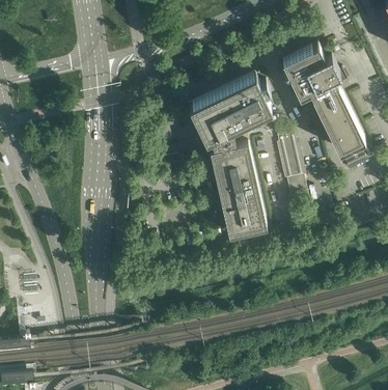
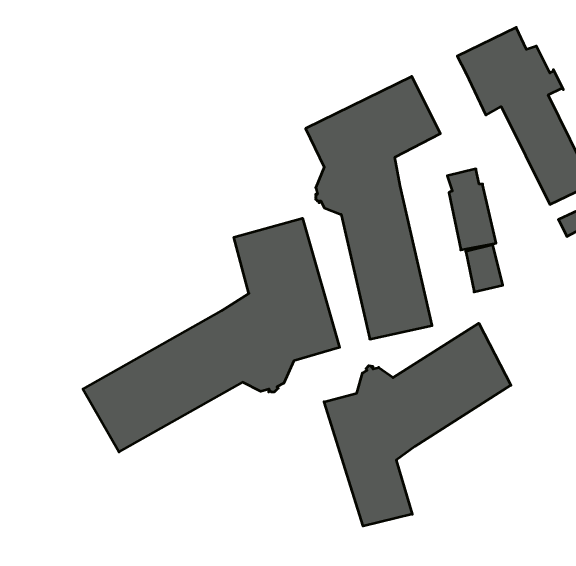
building: none -> [83,218,340,452]
building: none -> [324,323,511,526]

